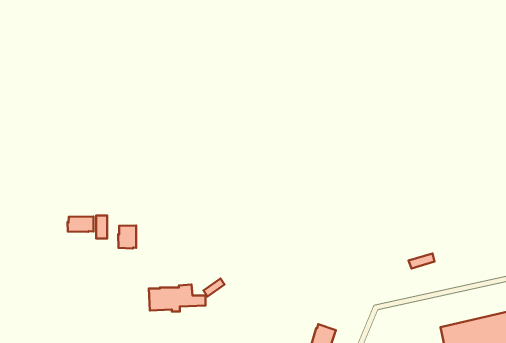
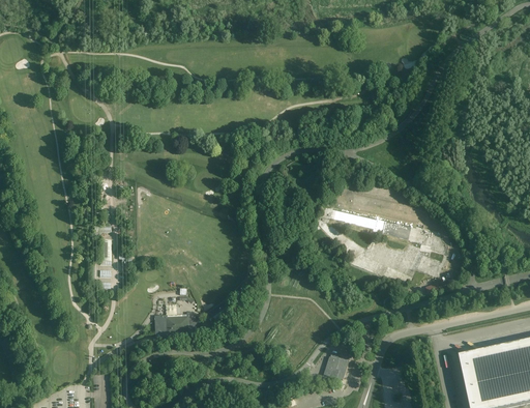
building: [67,216,93,232] -> none
building: [118,226,136,249] -> none

